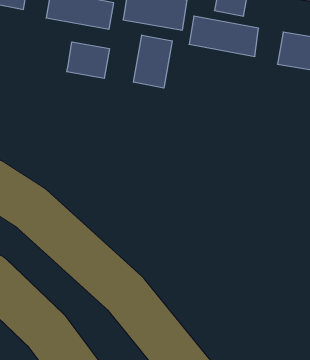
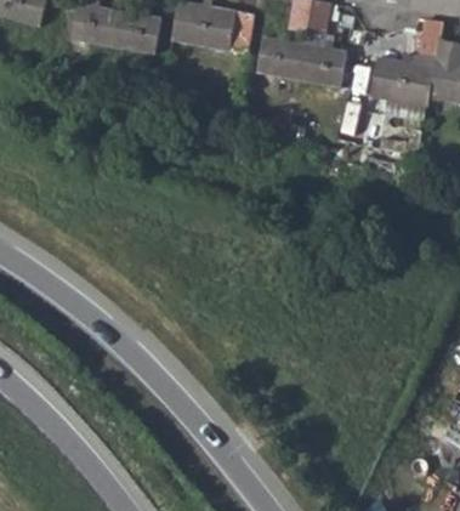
building: [134,35,172,88] -> none
building: [67,42,109,78] -> none

